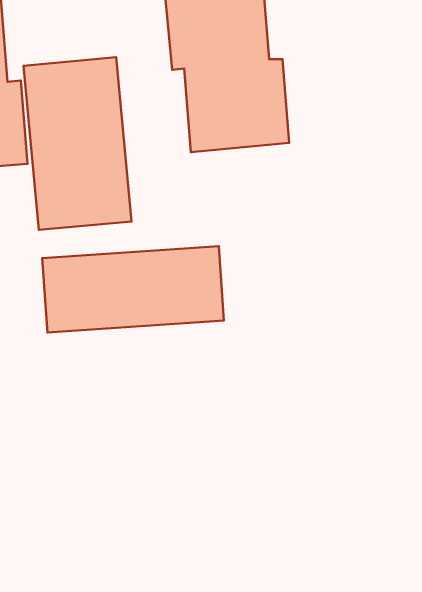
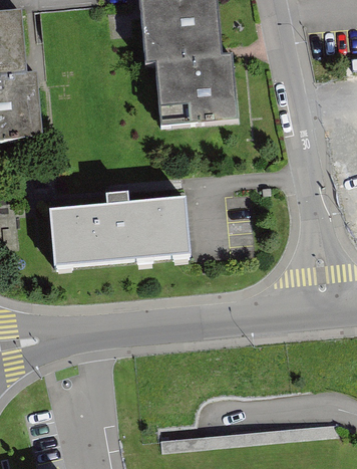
building: [23,57,132,230] -> none

